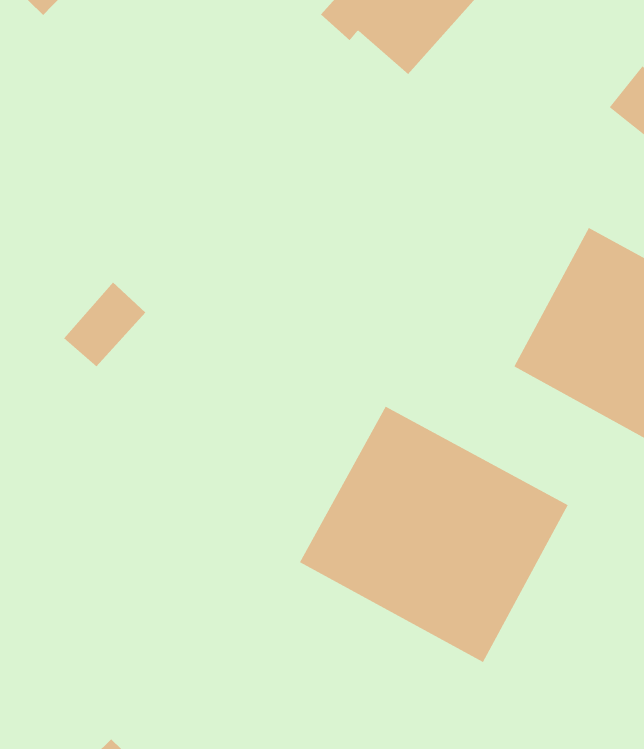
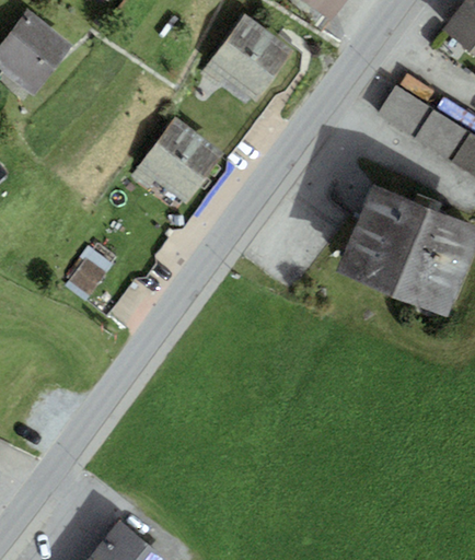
building: none -> [128,115,224,206]
building: [299,406,569,663] -> none

